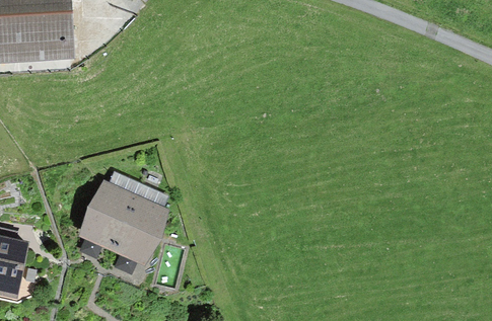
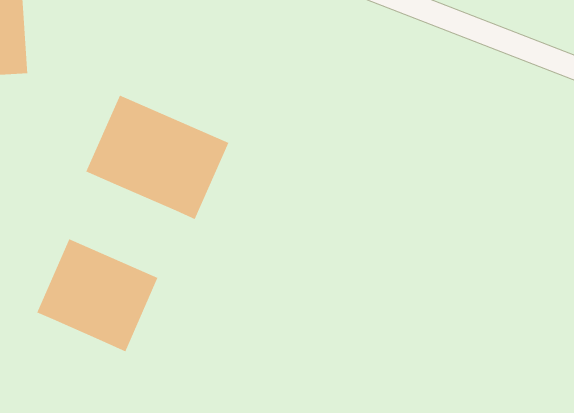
building: none -> [85,94,230,220]

